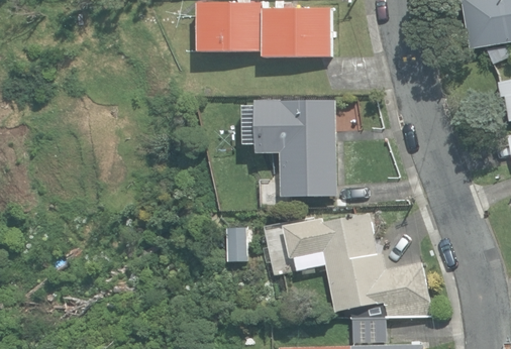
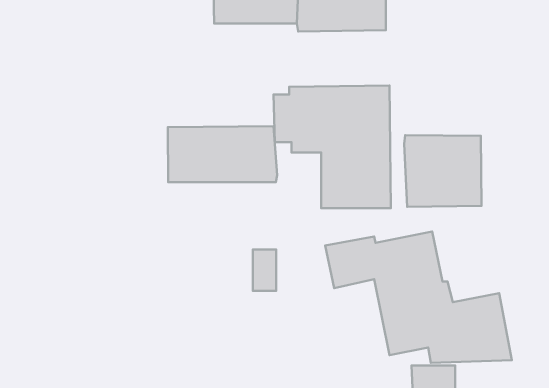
building: none -> [168,126,277,182]
building: none -> [404,135,482,207]

